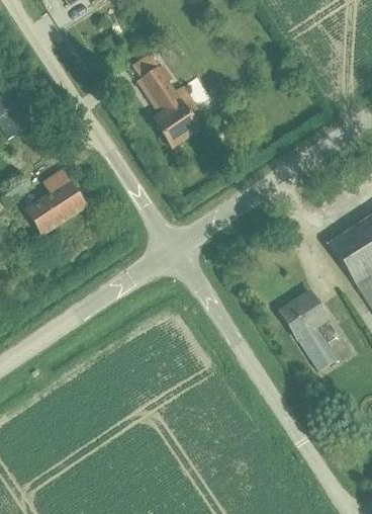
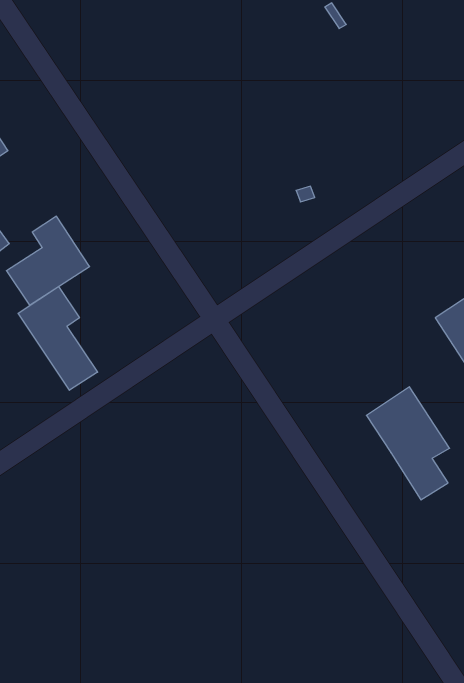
building: [132,53,200,147] -> none
building: none -> [18,287,98,390]

